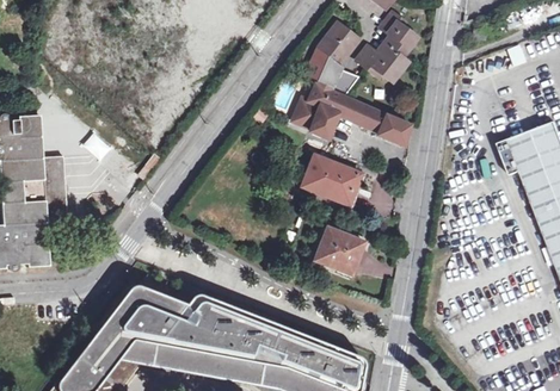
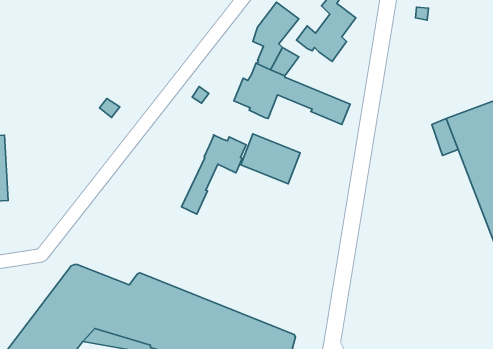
building: none -> [182,135,246,214]
building: [313,228,363,275] -> none

